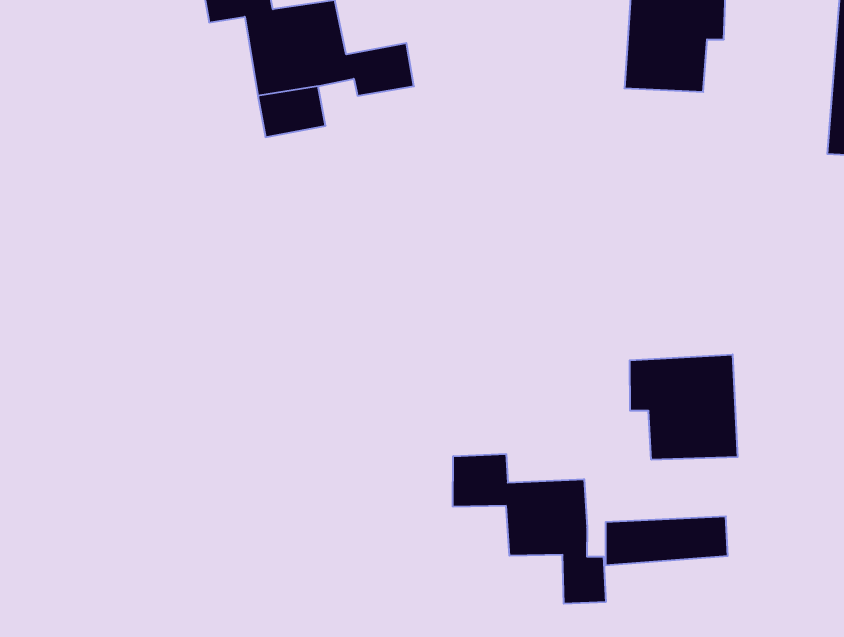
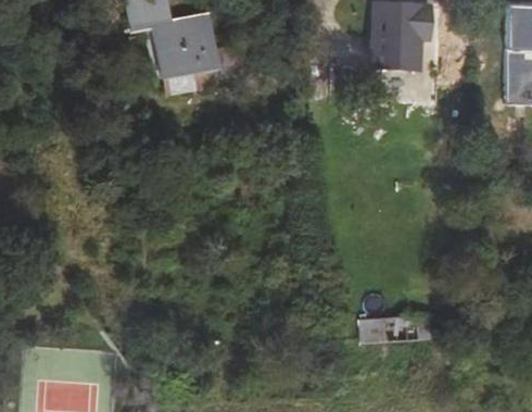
building: [630,354,738,460] -> none
building: [453,454,606,604] -> none

